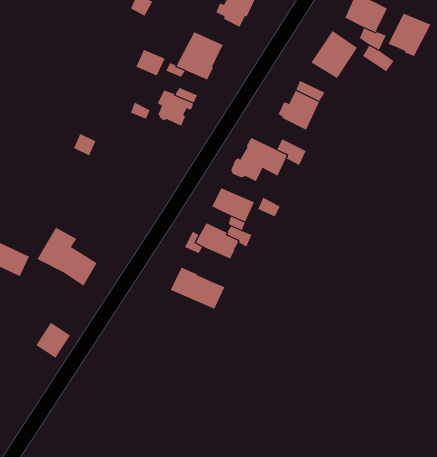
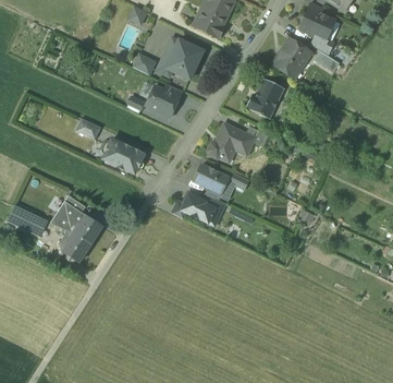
building: [388,13,431,57] -> none
building: none -> [102,140,143,173]
building: [170,267,225,309] -> none
building: [36,322,71,359] -> [62,234,90,263]

